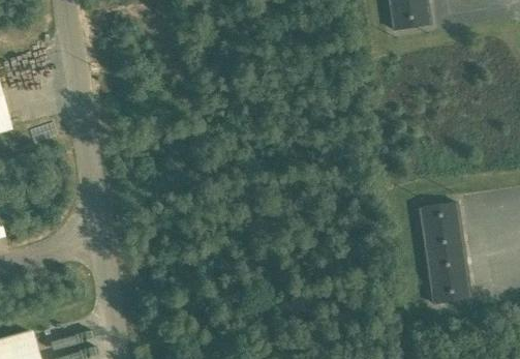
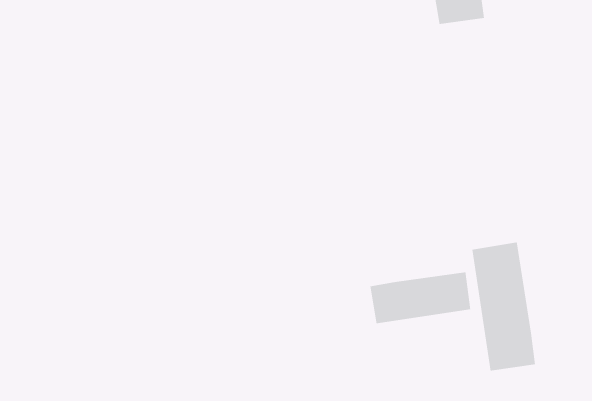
building: none -> [370,271,471,324]

